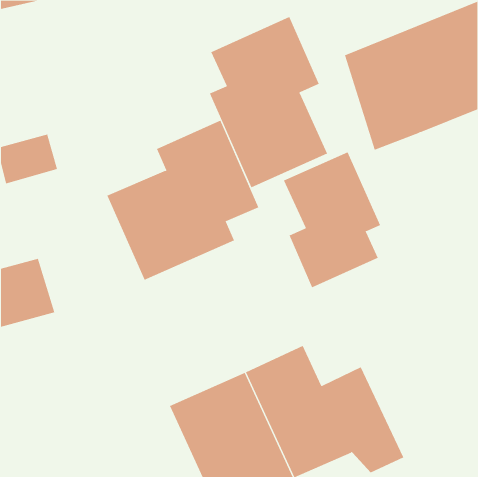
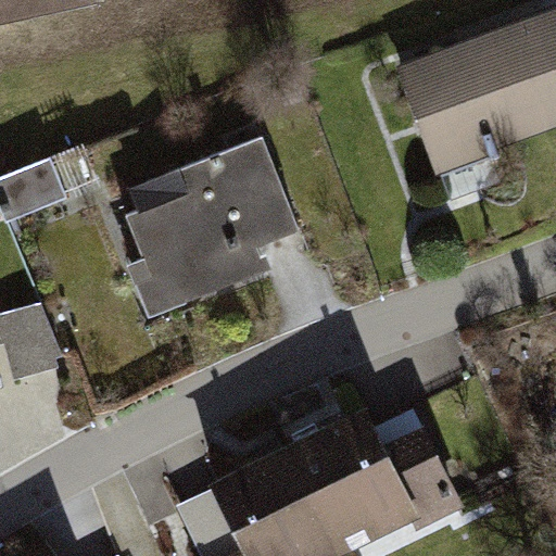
building: [209,16,328,188] -> none
building: [283,151,381,288] -> none

